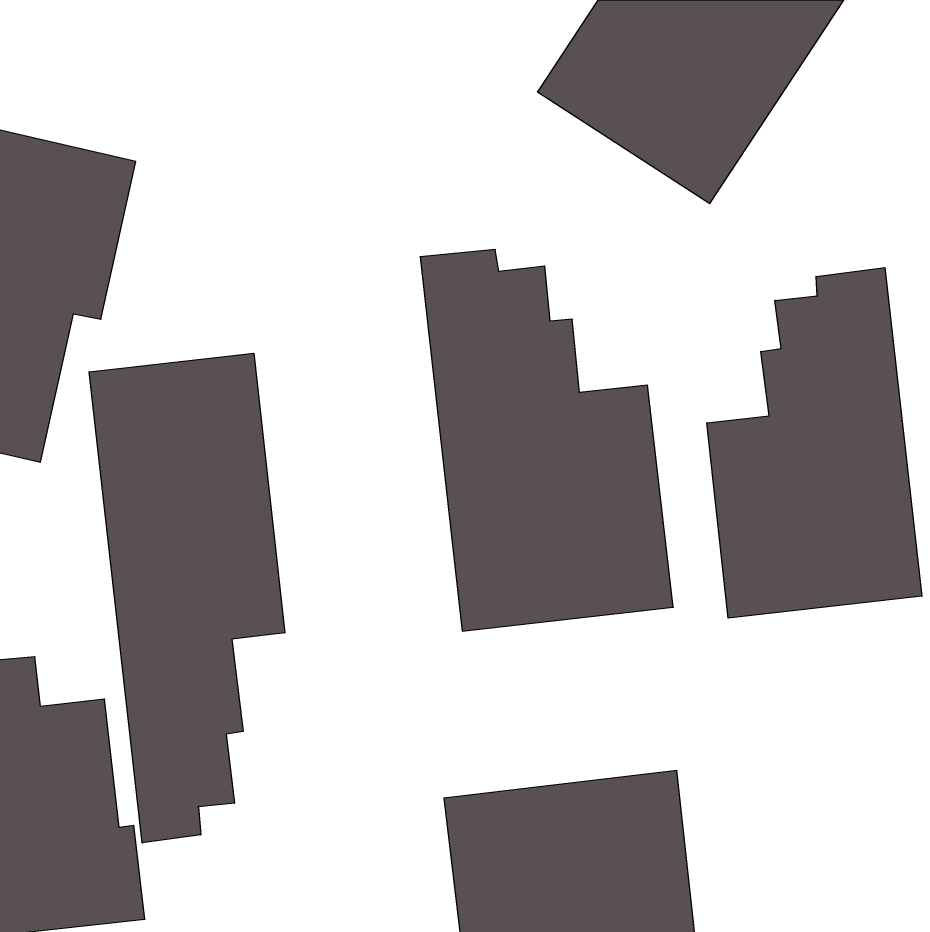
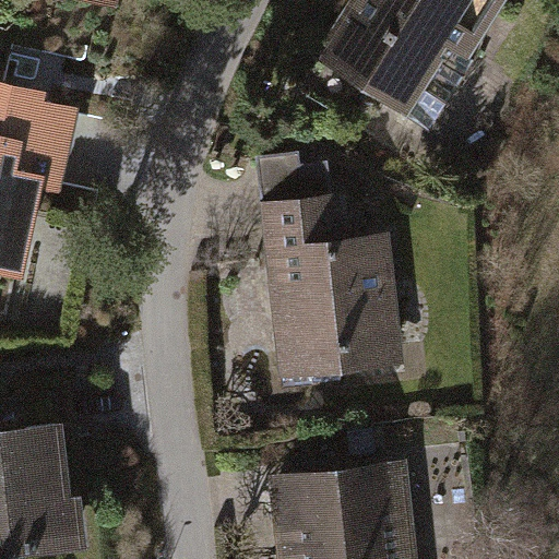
building: [707,268,922,618] -> none
building: [89,353,285,843] -> none

